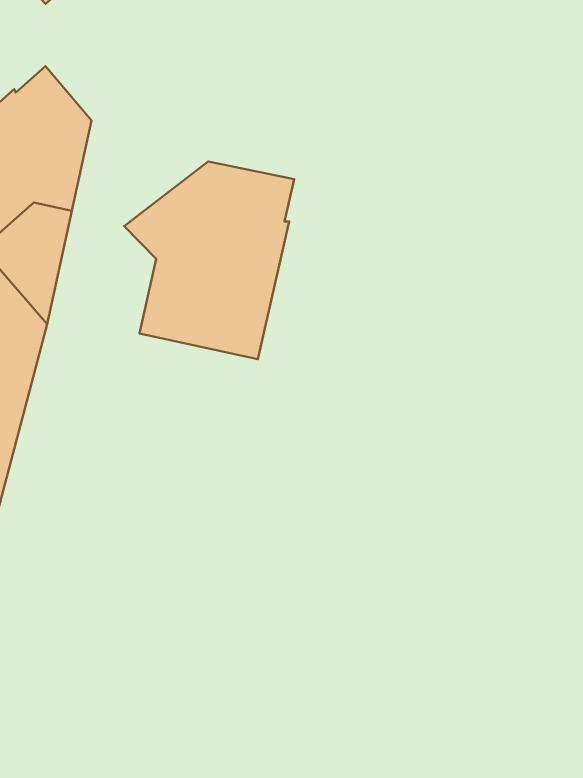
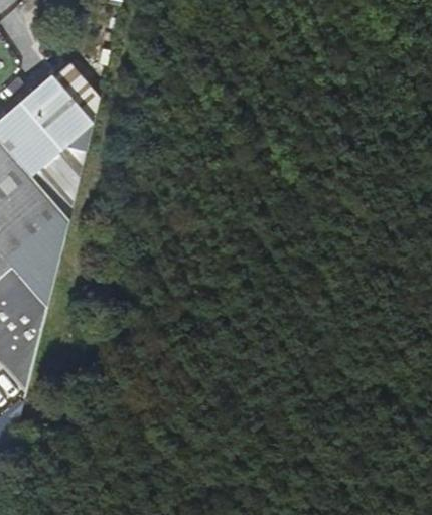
building: [124,161,294,359] -> none

